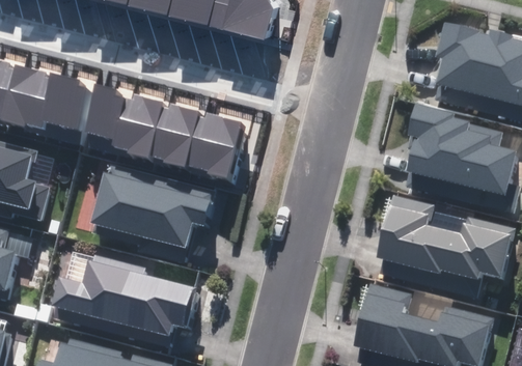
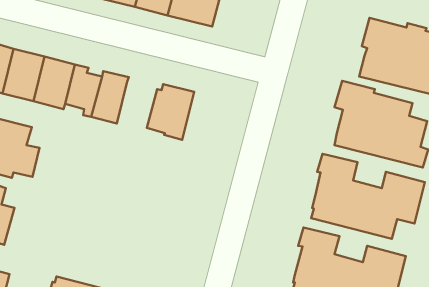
building: [142,100,193,164] -> none
building: [93,164,216,250] -> none
building: [57,255,200,338] -> none

